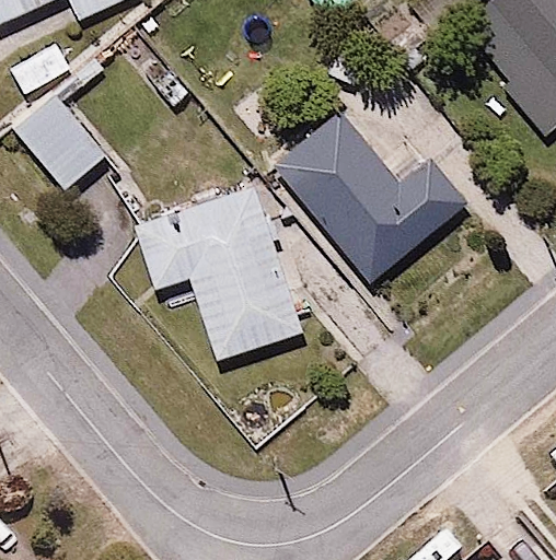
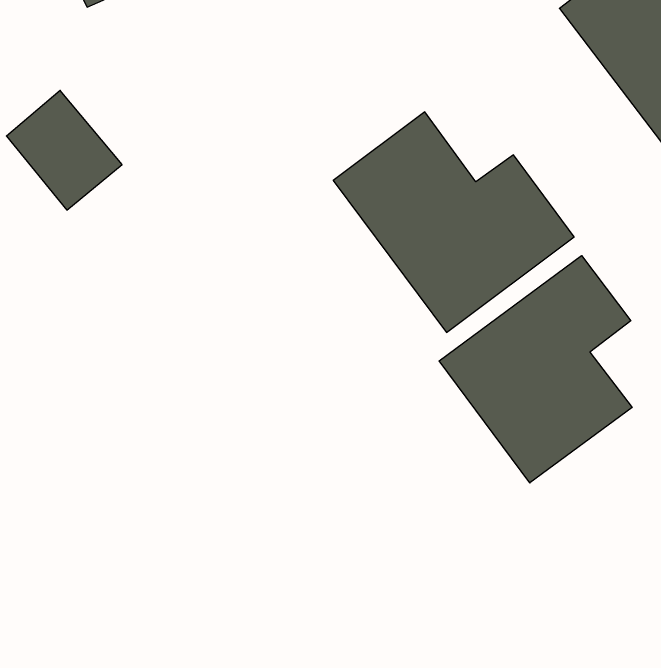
building: [127,178,303,362] -> none
building: none -> [439,256,632,483]

